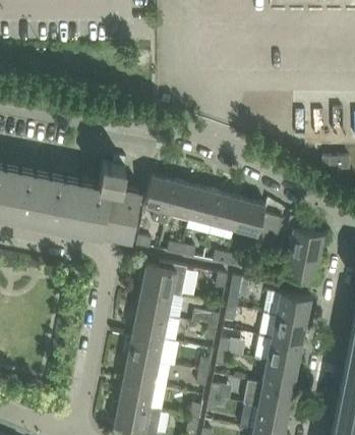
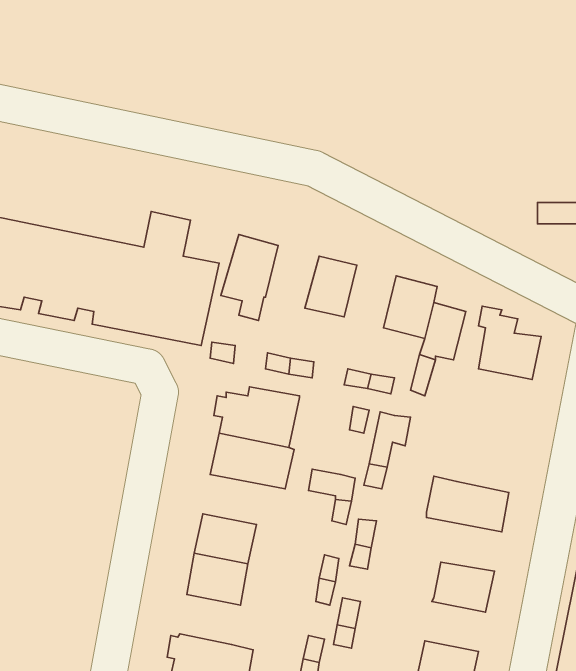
building: [168,185,198,221] -> none
building: [213,197,242,232] -> none
building: [284,256,319,285] -> none
building: [263,294,311,326] -> none
building: [132,316,179,346] -> none
building: [255,340,302,371] -> none
building: [243,383,293,417] -> none
building: [119,384,154,413] -> none

